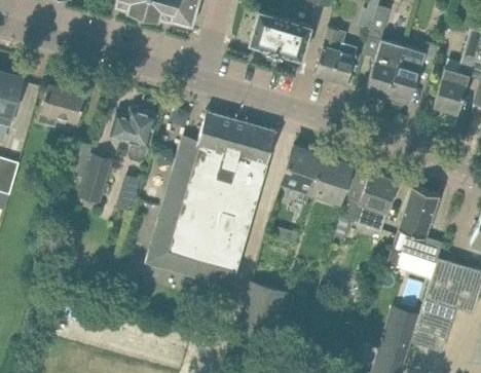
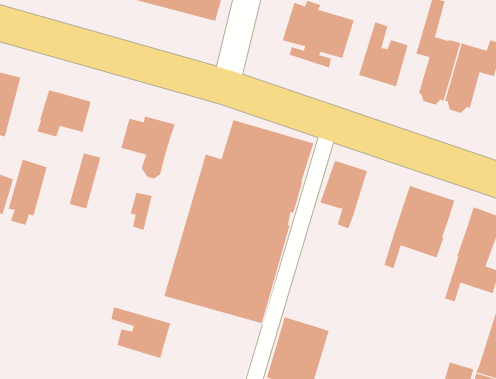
building: [79,154,113,212] -> [8,159,47,226]
building: [311,156,351,202] -> none
building: none -> [111,307,171,359]

